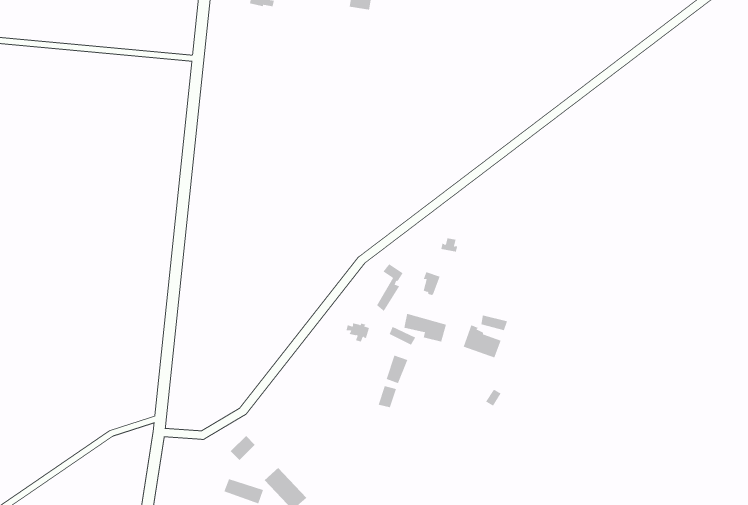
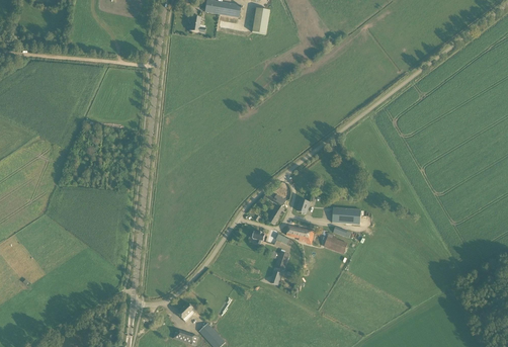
building: none -> [330,207,358,225]

